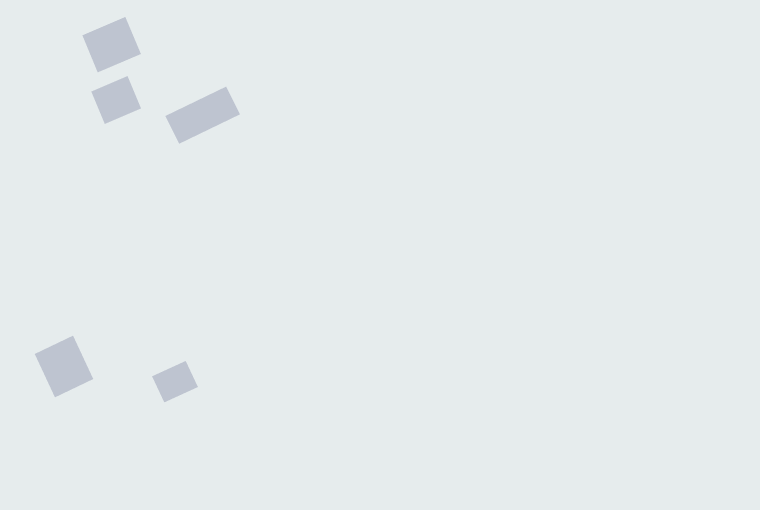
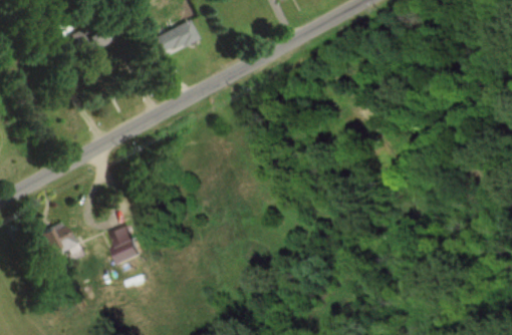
building: [91,75,142,125] -> none
building: [165,86,241,144] -> [151,19,199,56]

